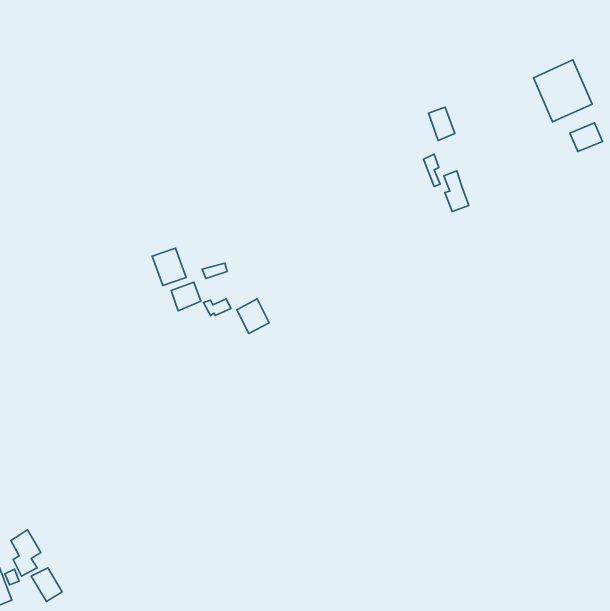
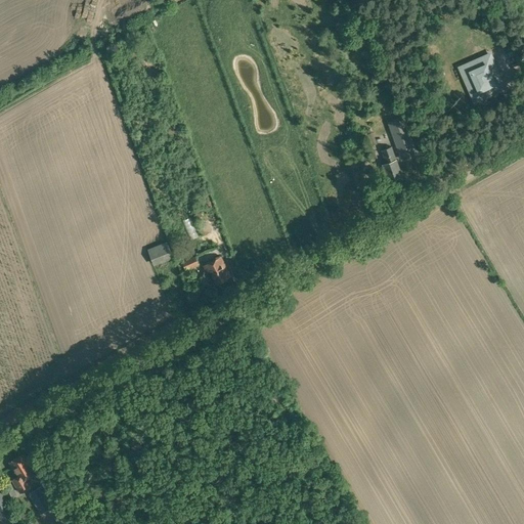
building: [429,107,455,141] -> [393,131,416,160]
building: [570,123,602,152] -> none
building: [152,248,186,286] -> none

